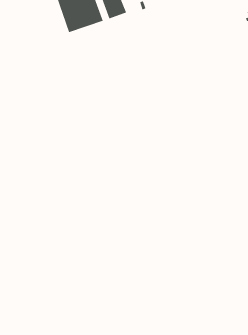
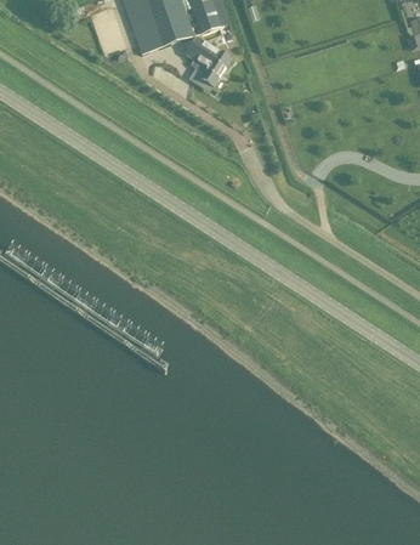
building: none -> [187,38,228,84]

